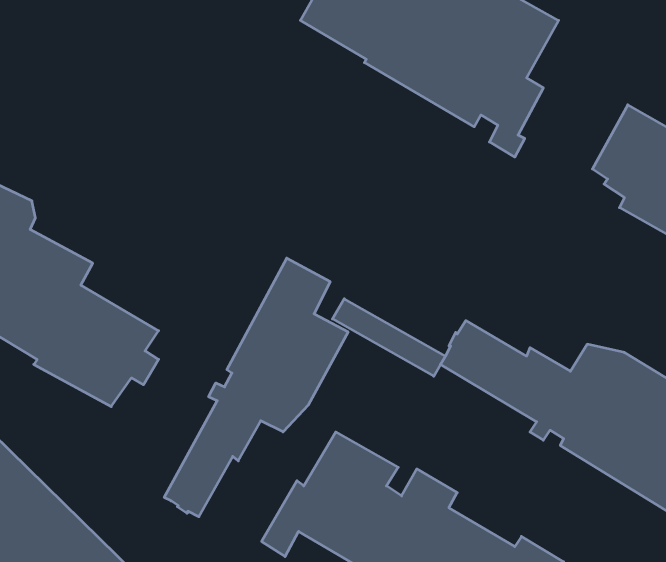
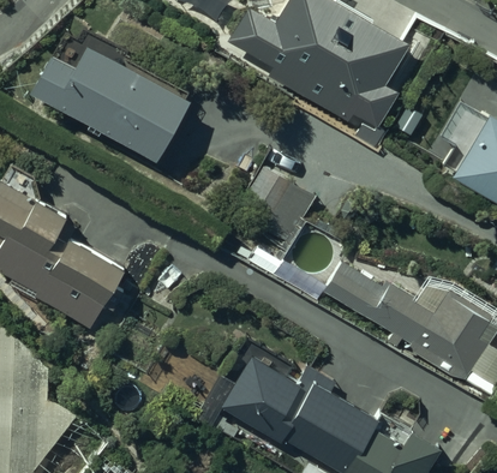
building: none -> [29,49,190,164]
building: none -> [242,167,315,249]
building: [164,258,348,517] -> none

